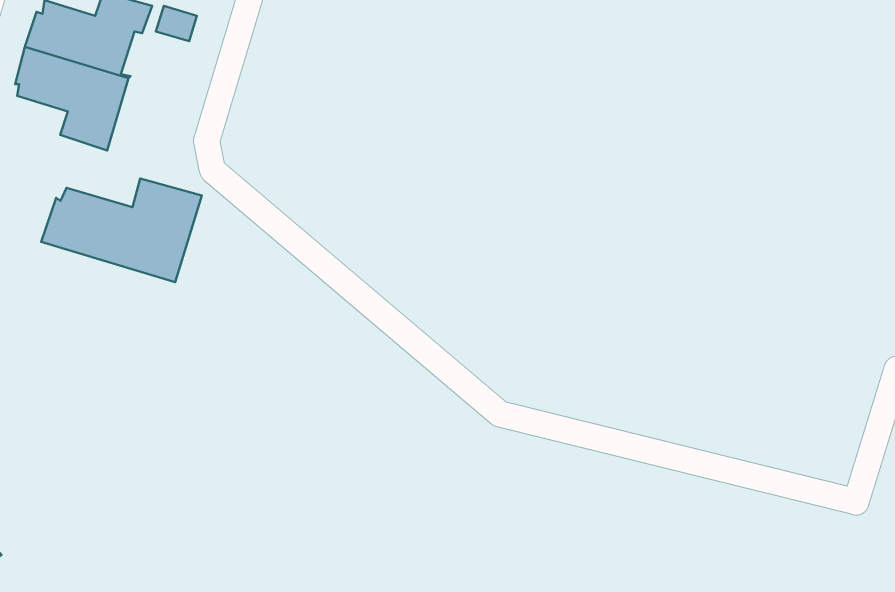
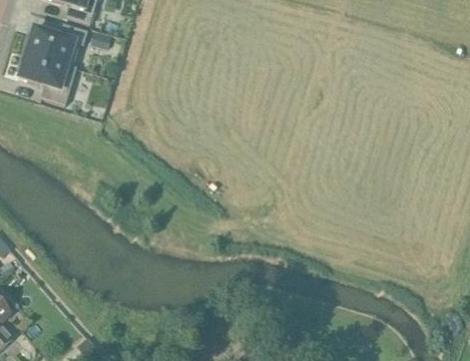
building: [41,178,202,282] -> none

